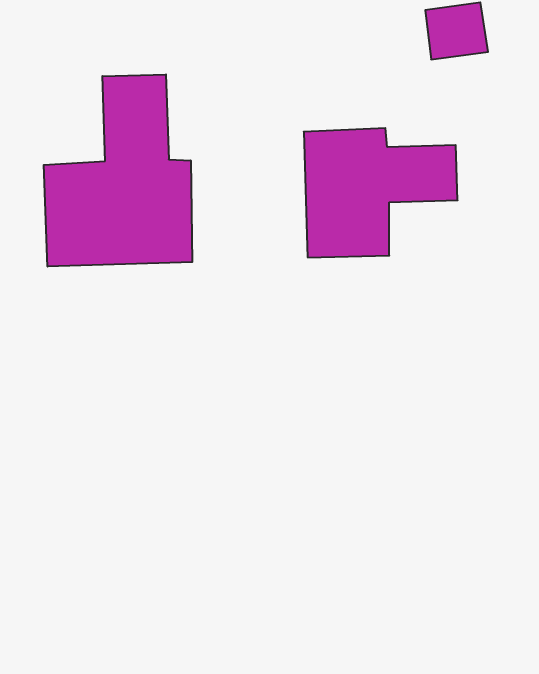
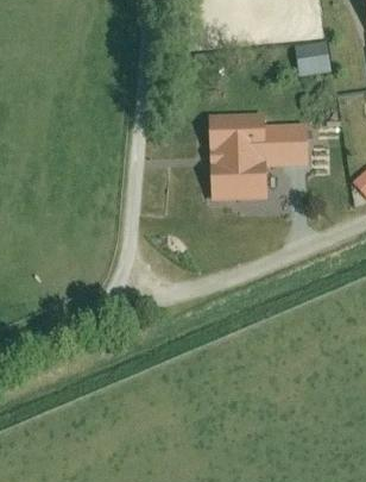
building: [44,74,192,267] -> none

